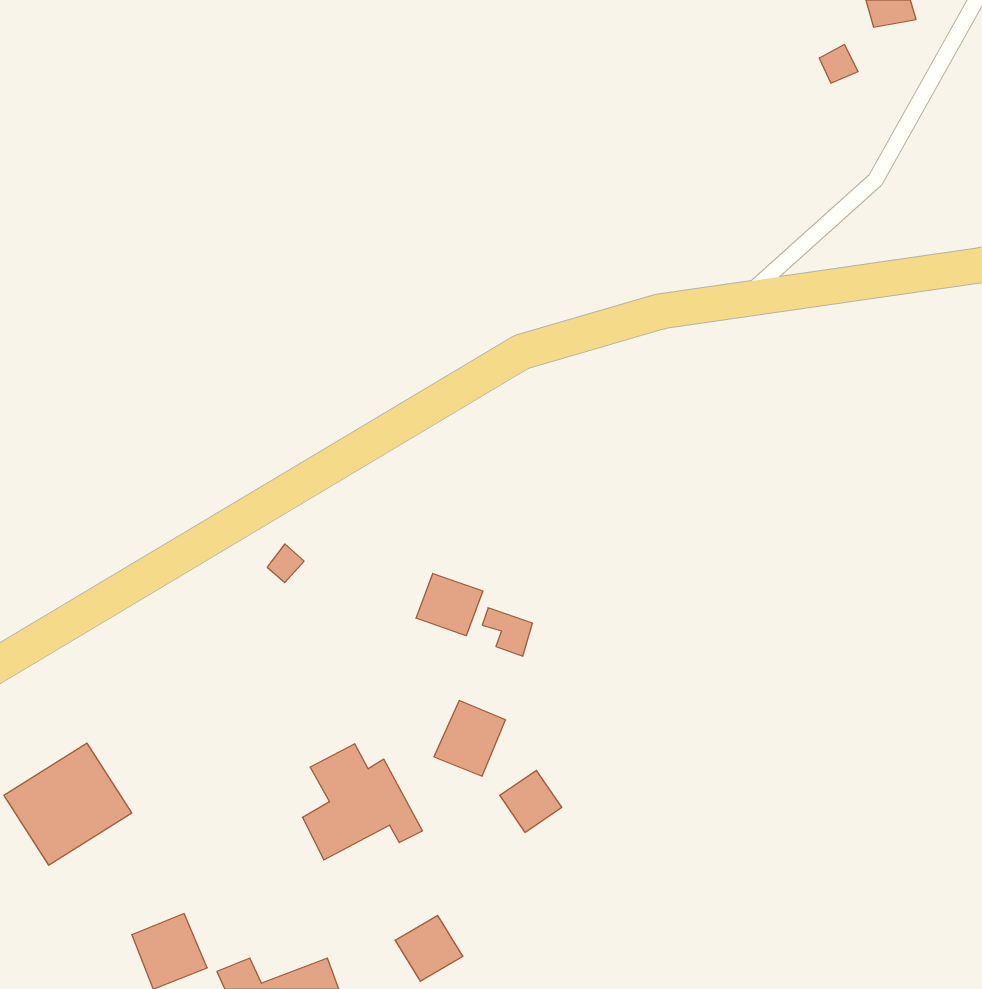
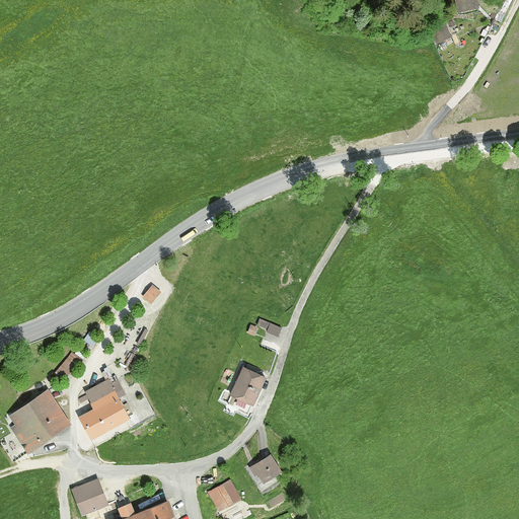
building: [416,573,483,636] -> none
building: [302,744,422,860] -> [80,379,143,440]
building: [500,770,562,832] -> [250,456,283,489]

